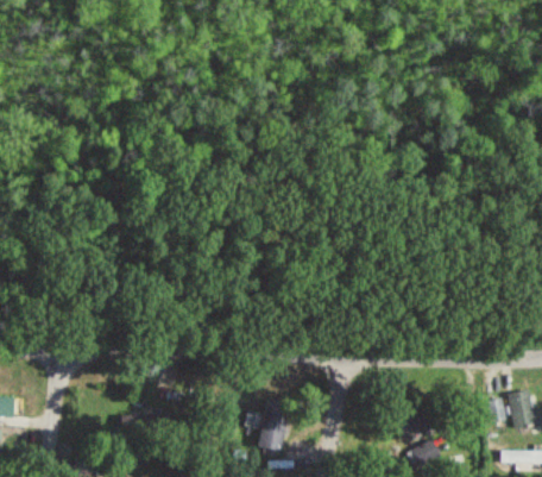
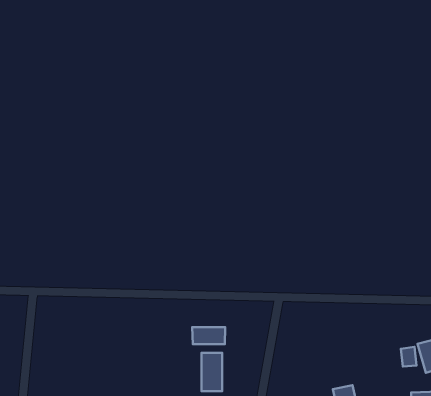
building: none -> [192,327,225,344]

